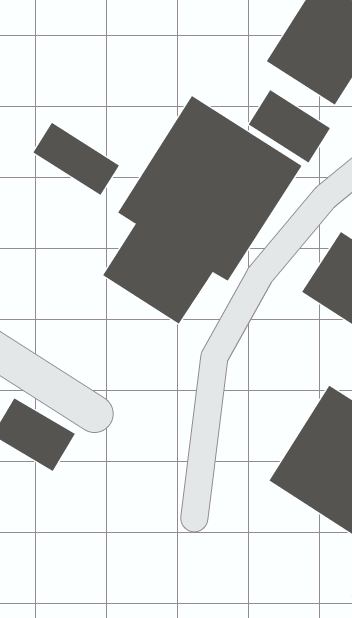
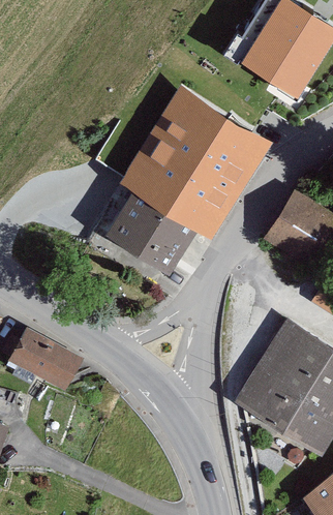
building: [248,89,331,163] -> none
building: [32,122,120,196] -> none

